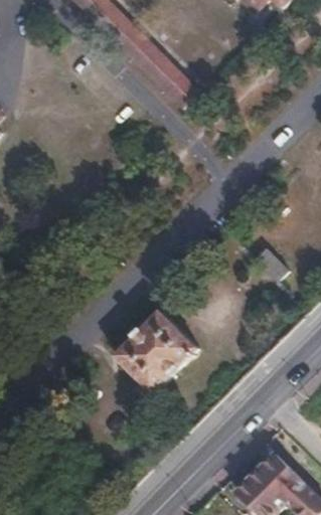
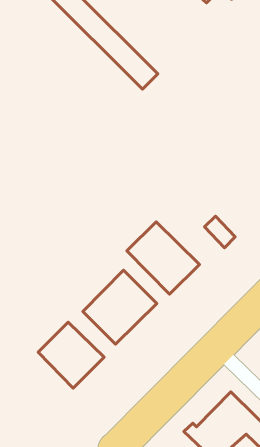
building: none -> [127,222,199,294]
building: none -> [38,322,104,388]

